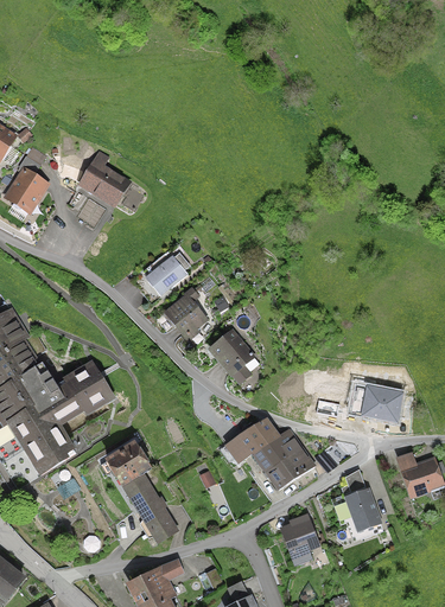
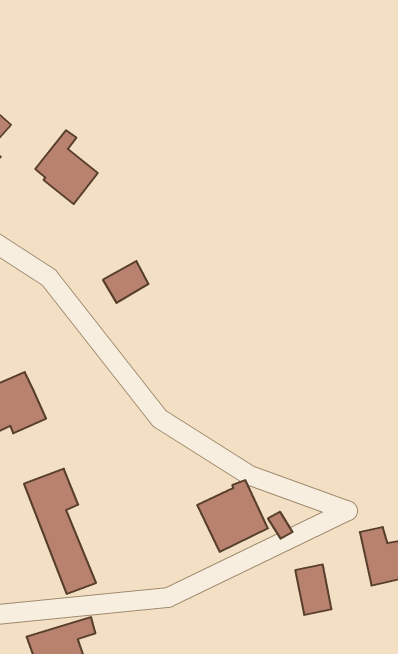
building: [163,289,205,343] -> none
building: [209,332,254,386] -> none
building: [363,384,402,418] -> none
building: [224,415,281,462] -> none
building: [280,516,319,563] -> none

